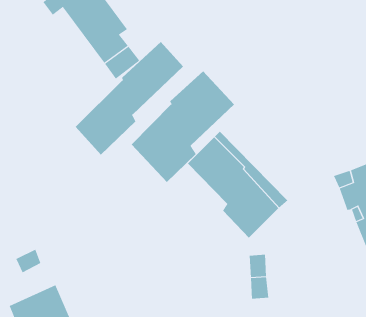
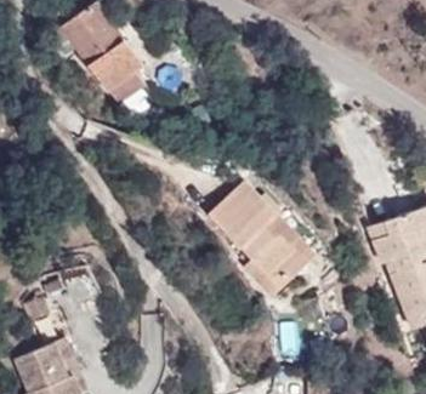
building: [75,41,184,155] -> none
building: [131,70,235,183] -> none

